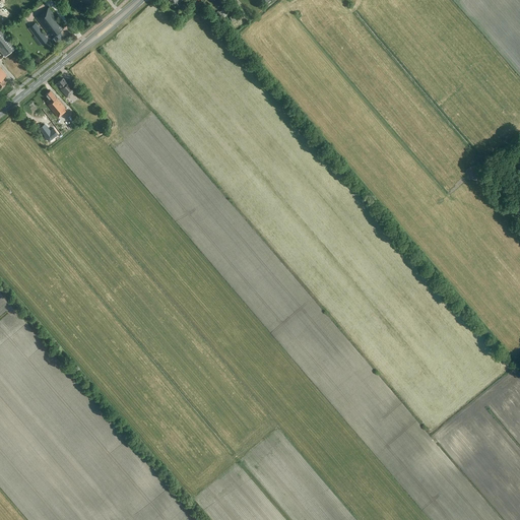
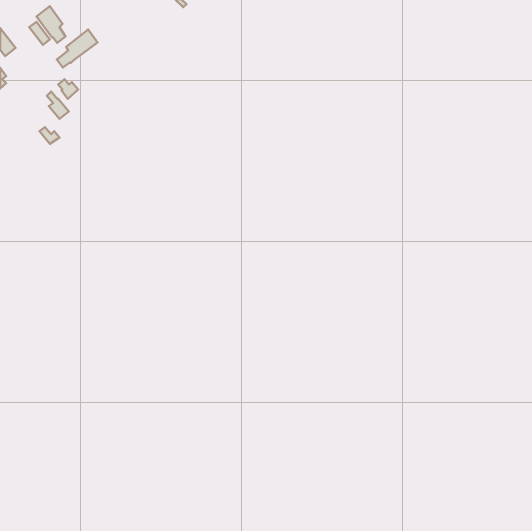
building: none -> [57,30,98,67]

